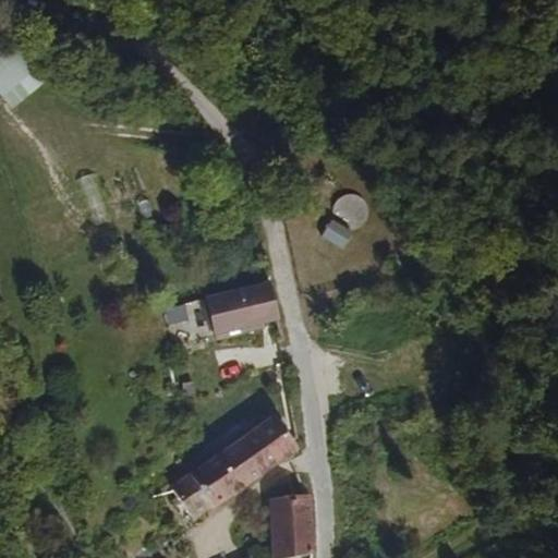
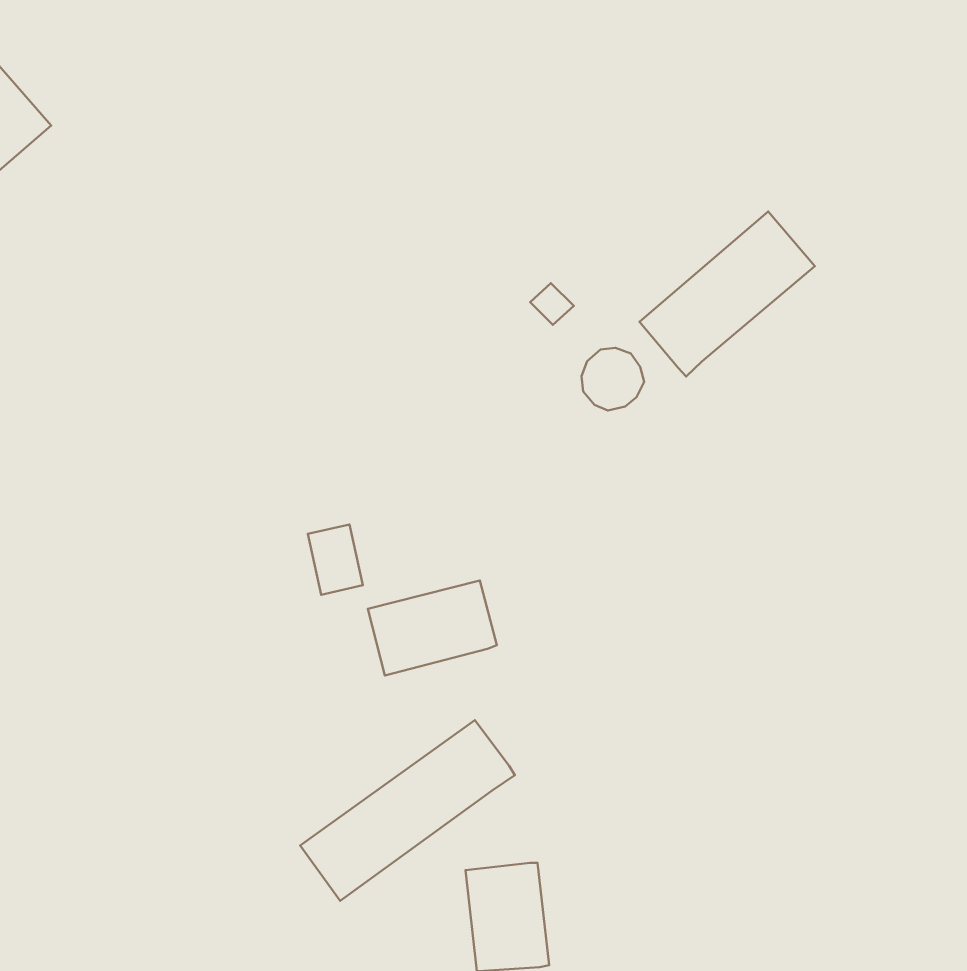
building: none -> [640,211,815,376]
building: [205,281,279,336] -> [368,580,497,675]

